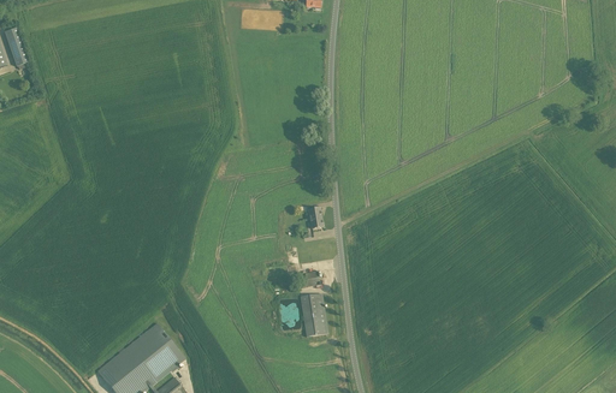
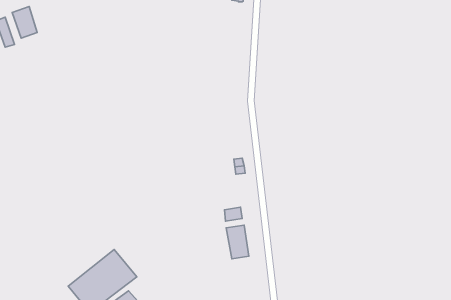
building: none -> [12,7,37,38]

